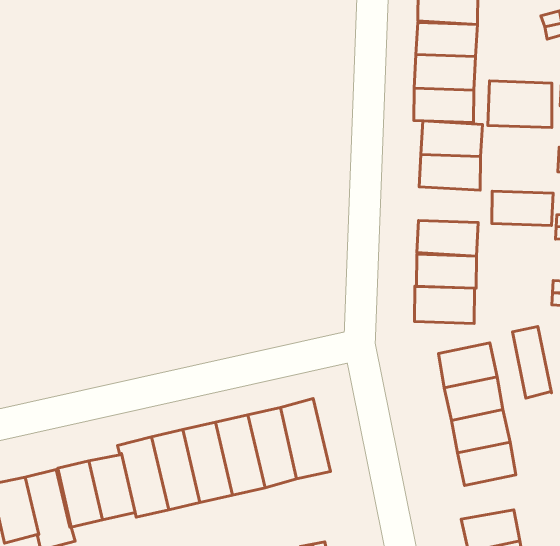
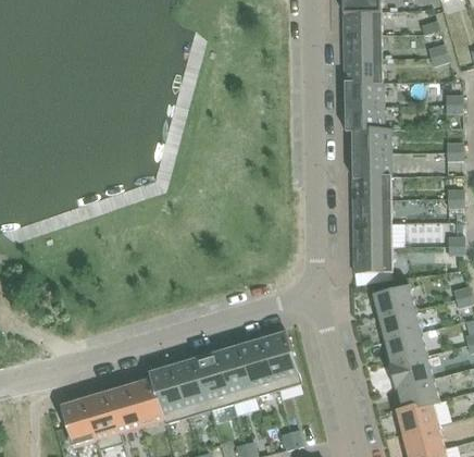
building: [488,81,552,128] -> none
building: [492,191,553,225] -> [351,176,395,200]
building: [512,326,551,398] -> none
building: none -> [396,376,437,409]

